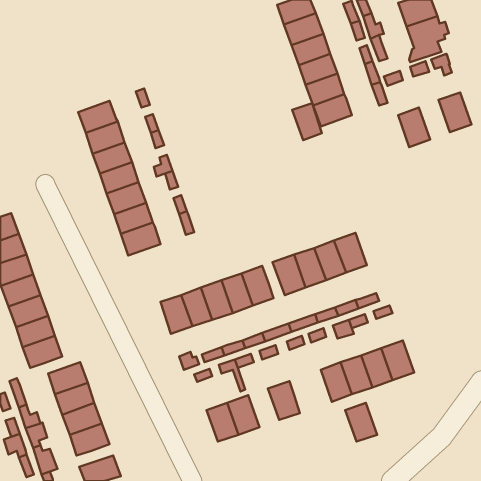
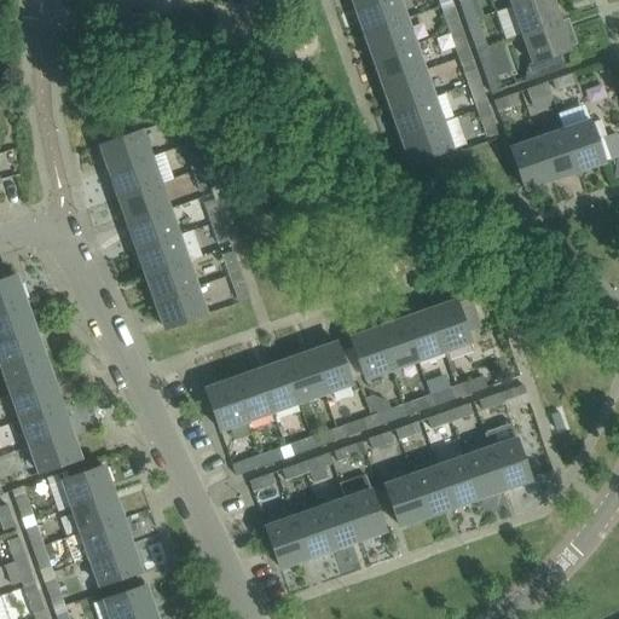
building: none -> [538,128,578,179]
building: [292,103,322,140] -> none
building: none -> [319,498,359,548]
building: [345,403,377,441] -> [386,474,427,523]

